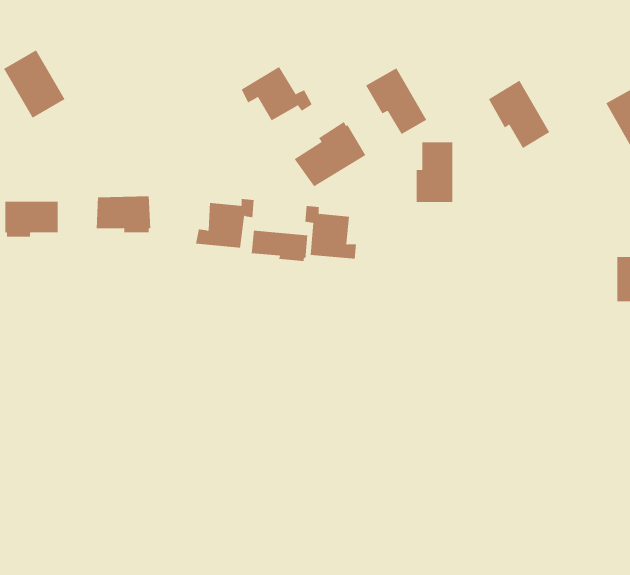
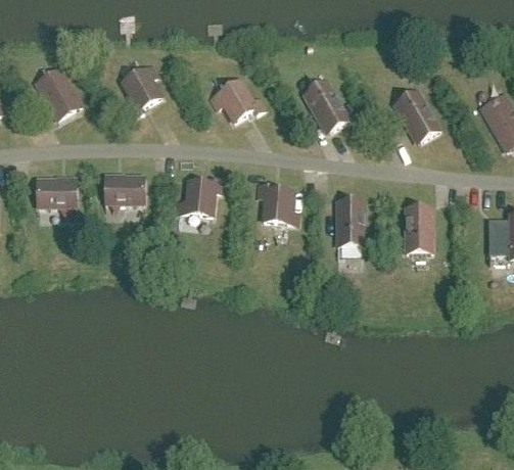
building: none -> [123,64,161,115]
building: [294,121,366,187] -> none
building: [416,142,453,203] -> [337,199,365,244]
building: [251,230,308,262] -> none
building: none -> [406,206,433,251]

